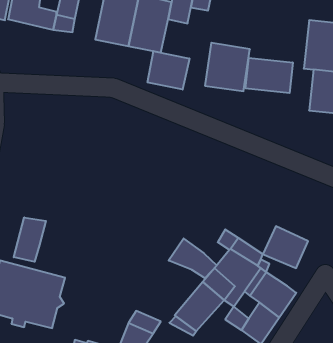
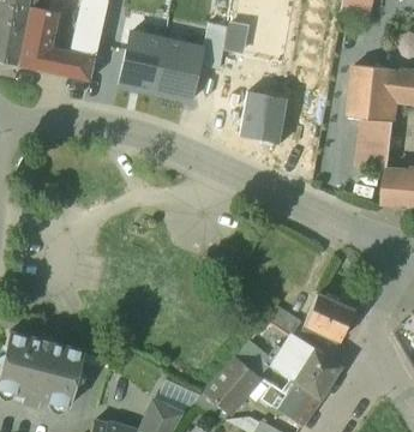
building: [148,51,189,90] -> none
building: [246,58,293,93] -> none
building: [14,217,46,262] -> none
building: [169,238,217,278] -> none

